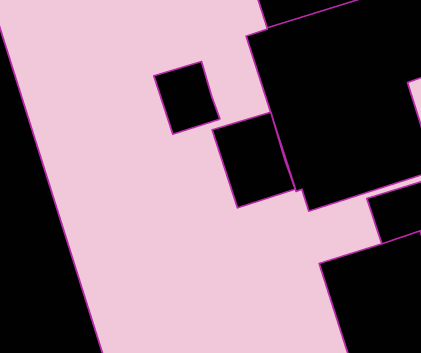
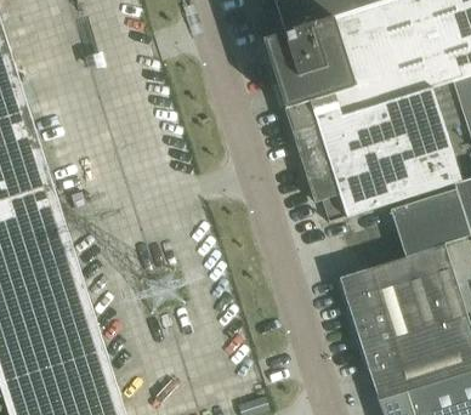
building: [154,61,220,134] -> none
building: [212,112,295,208] -> none

